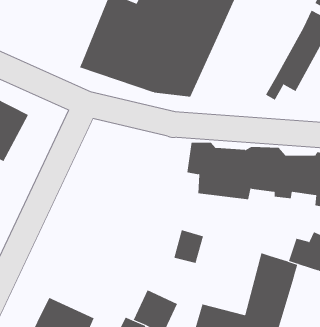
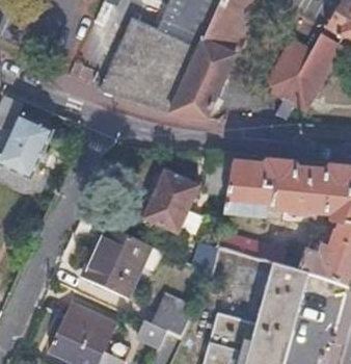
building: none -> [266,35,314,95]
building: none -> [144,171,197,234]
building: none -> [82,225,150,298]

